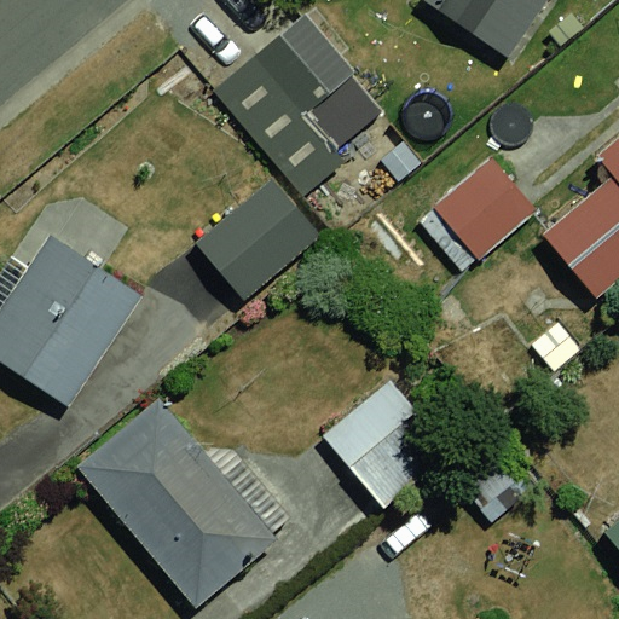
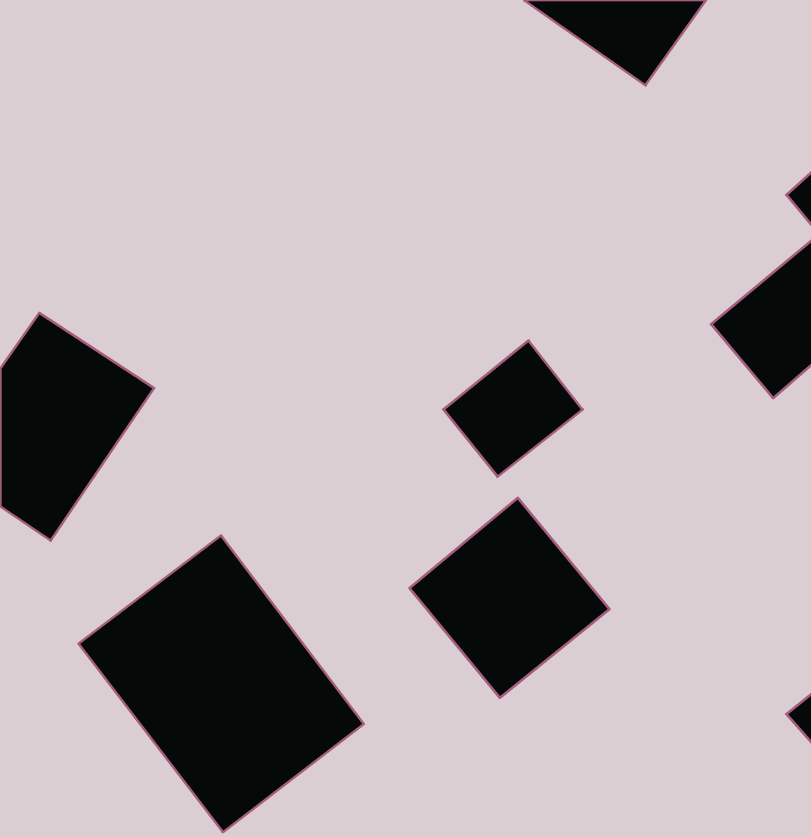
building: [206,11,352,202] -> none
building: [430,149,533,249] -> [443,341,583,477]
building: [196,175,329,307] -> none

